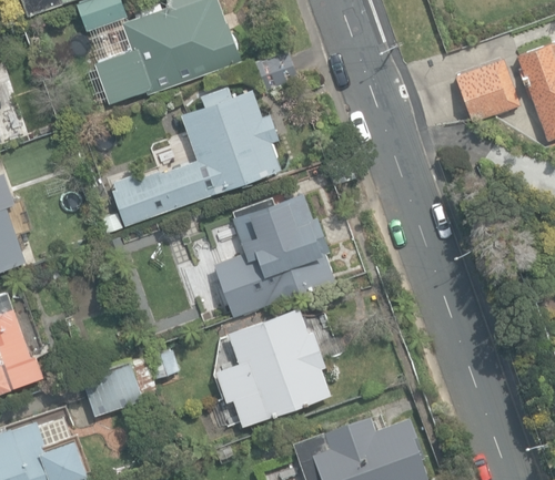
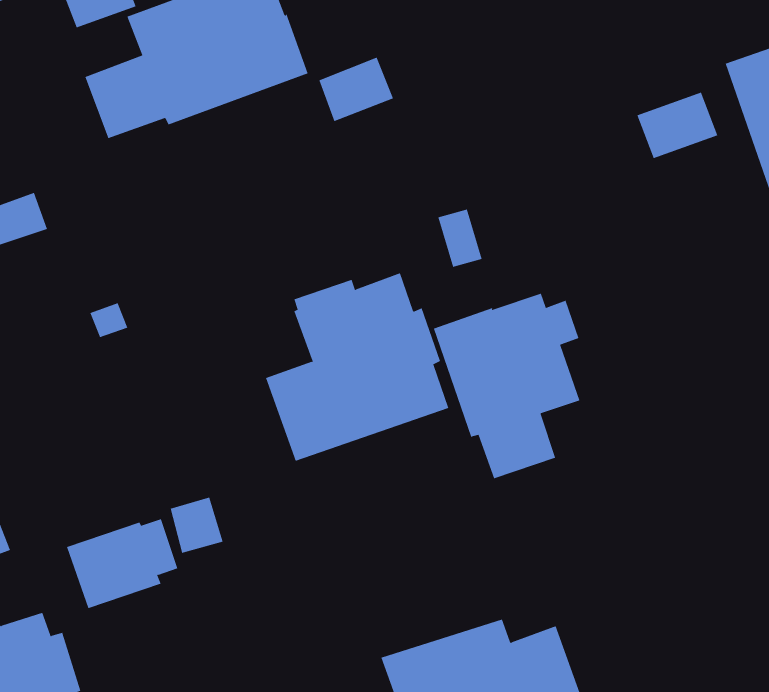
building: [111,82,281,227] -> none
building: none -> [433,293,580,479]
building: [215,306,330,427] -> none

